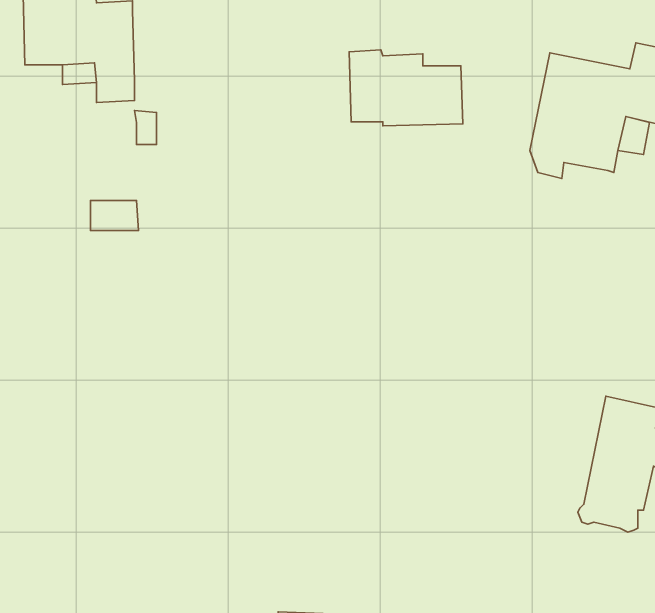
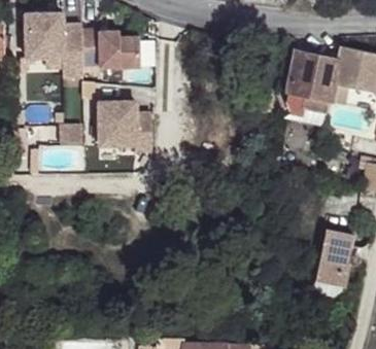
building: [349,50,463,126] -> [81,28,140,67]
building: none -> [98,101,151,150]

